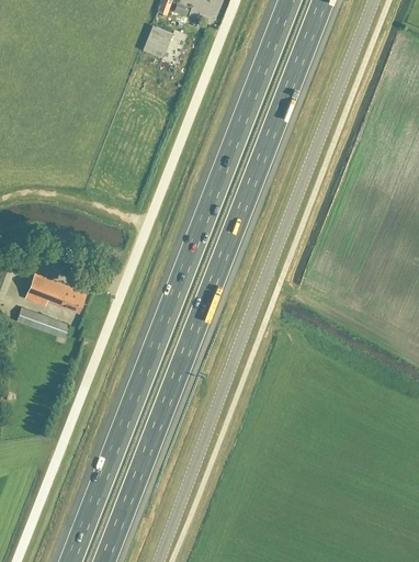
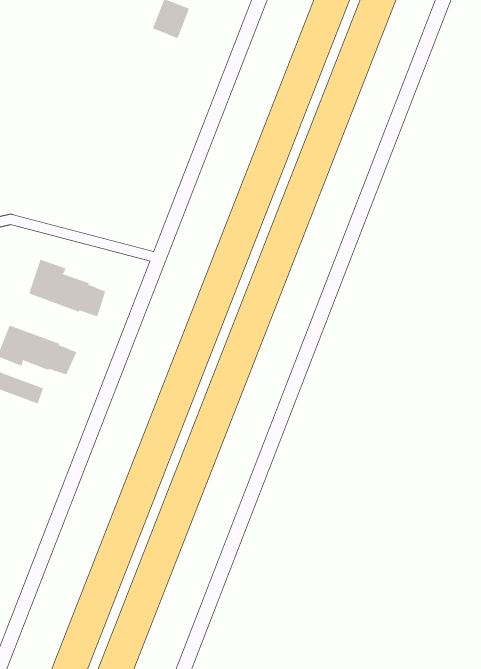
building: none -> [28,259,106,317]

